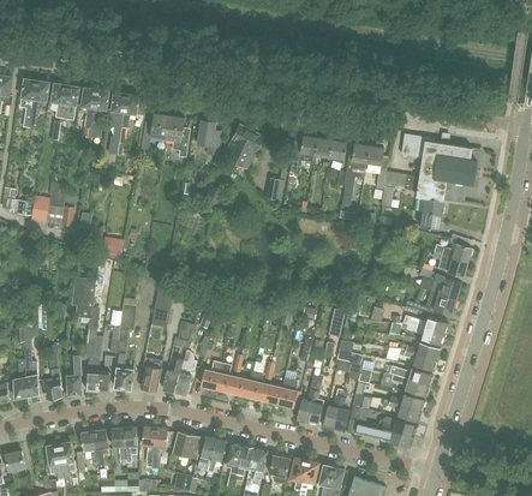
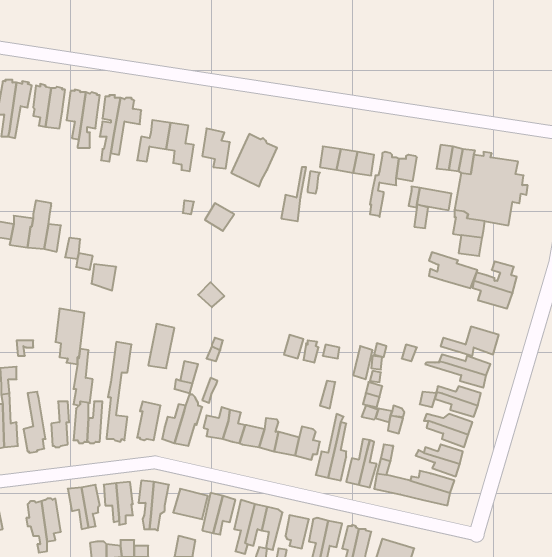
building: [418,268,460,299] -> [429,252,477,288]

